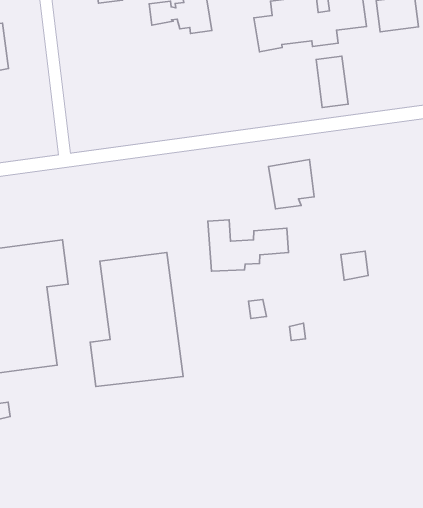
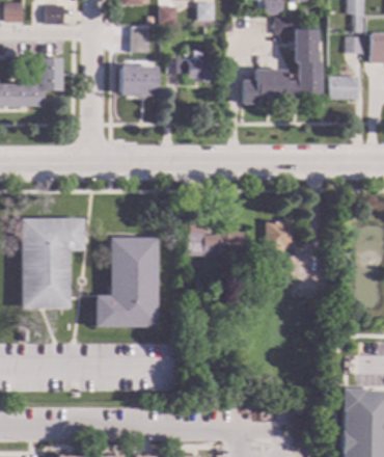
building: none -> [120,66,158,95]
building: [316,56,348,108] -> none
building: [268,160,314,209] -> [266,220,296,252]

